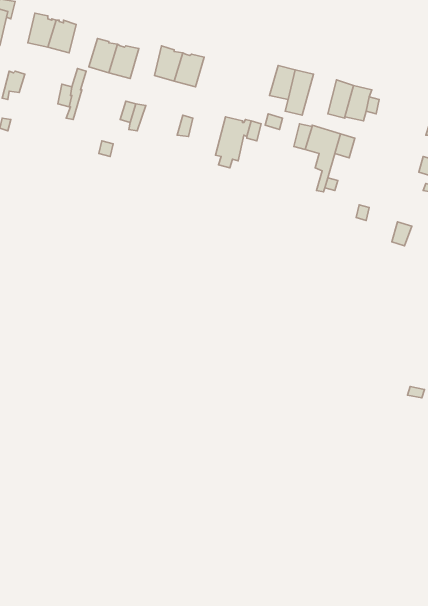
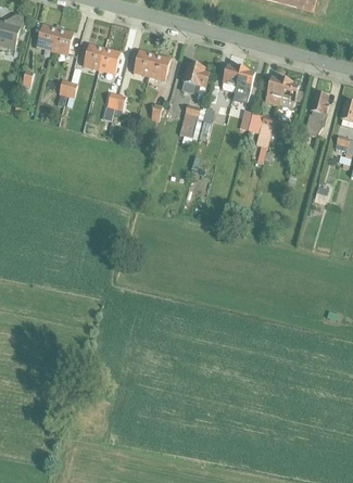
building: none -> [180,62,209,99]
building: none -> [304,89,329,135]

